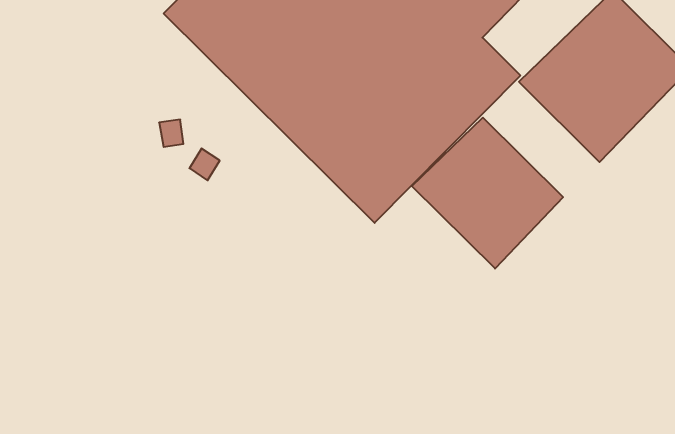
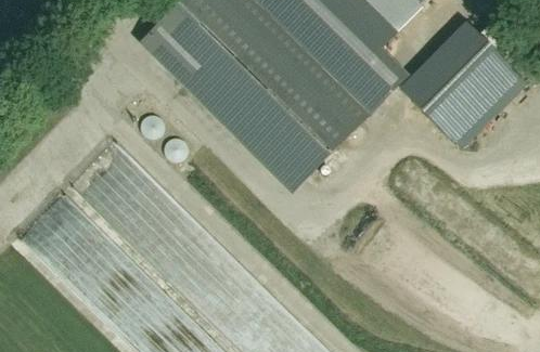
building: [412,118,563,269] -> none

